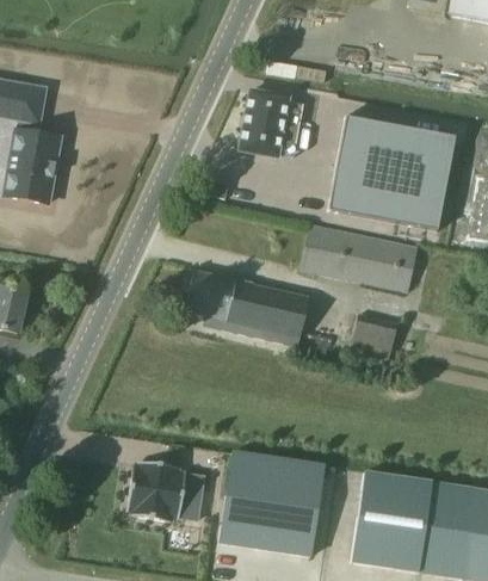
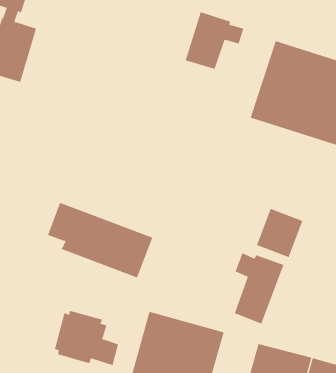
building: [299,222,418,292] -> none
building: [185,268,309,346] -> [47,202,153,278]
building: none -> [234,252,284,325]

